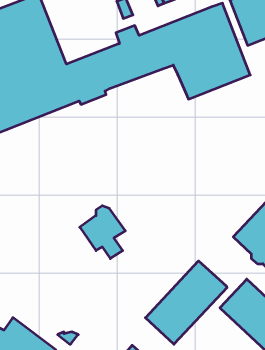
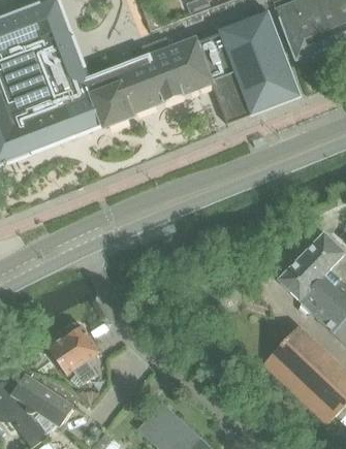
building: [80,206,125,259] -> [48,323,100,384]
building: [145,261,227,344] -> none

